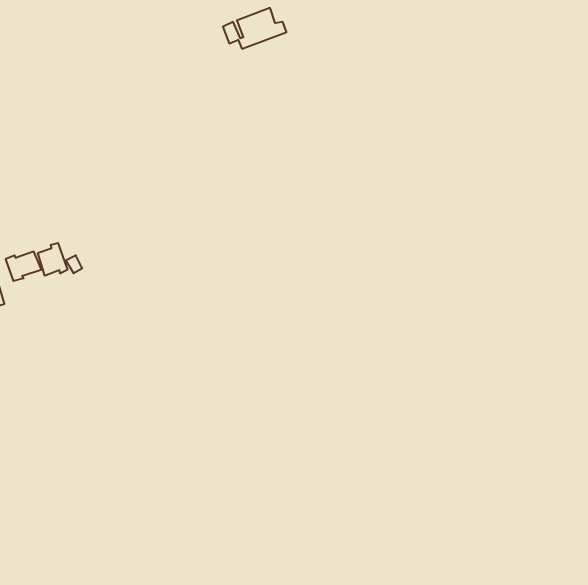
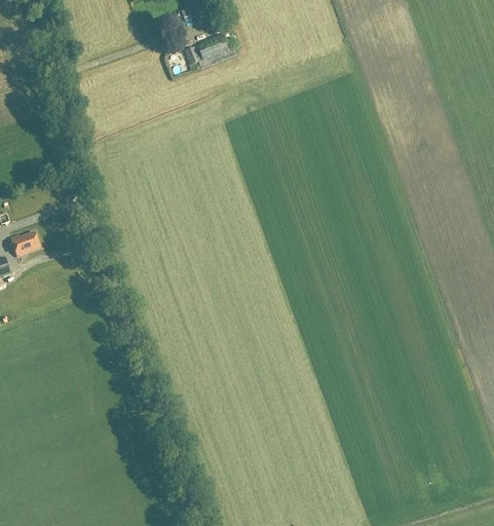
building: [38,243,67,276] -> none

